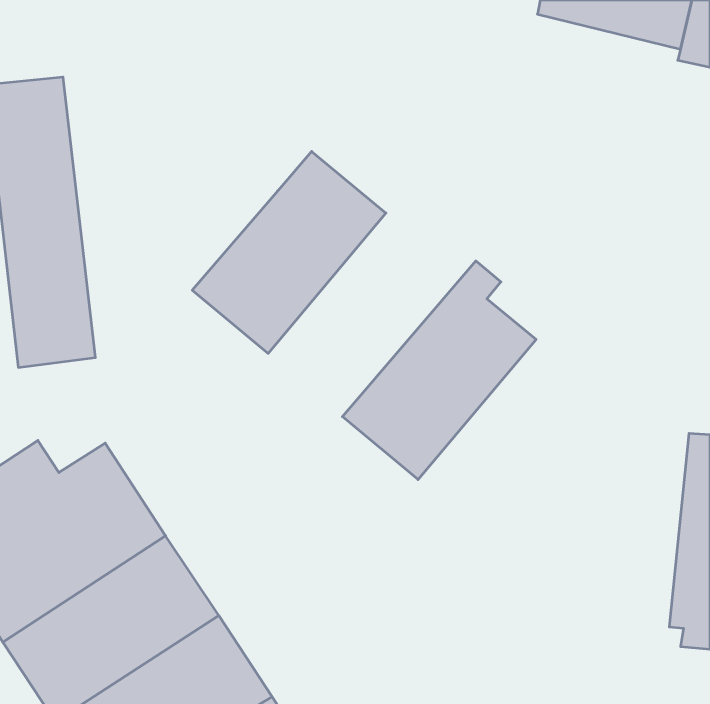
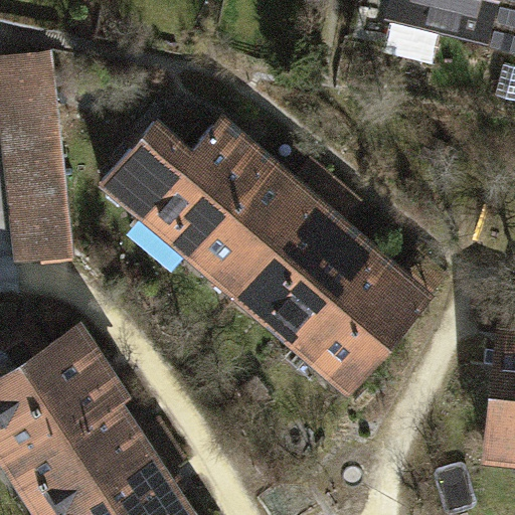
building: none -> [99,113,199,217]
building: none -> [192,162,341,308]
building: none -> [300,252,448,398]

